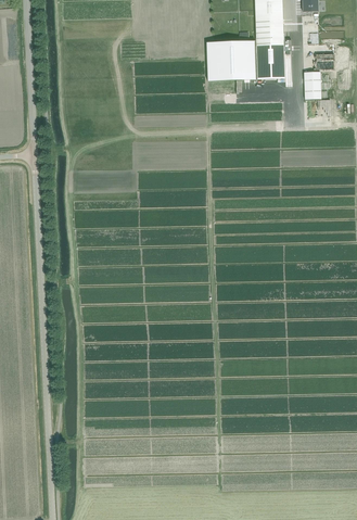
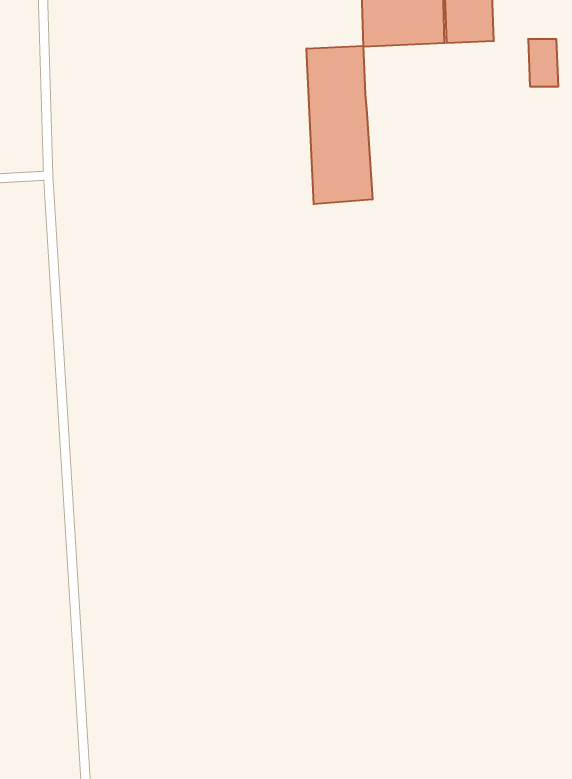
building: none -> [307,46,372,204]

